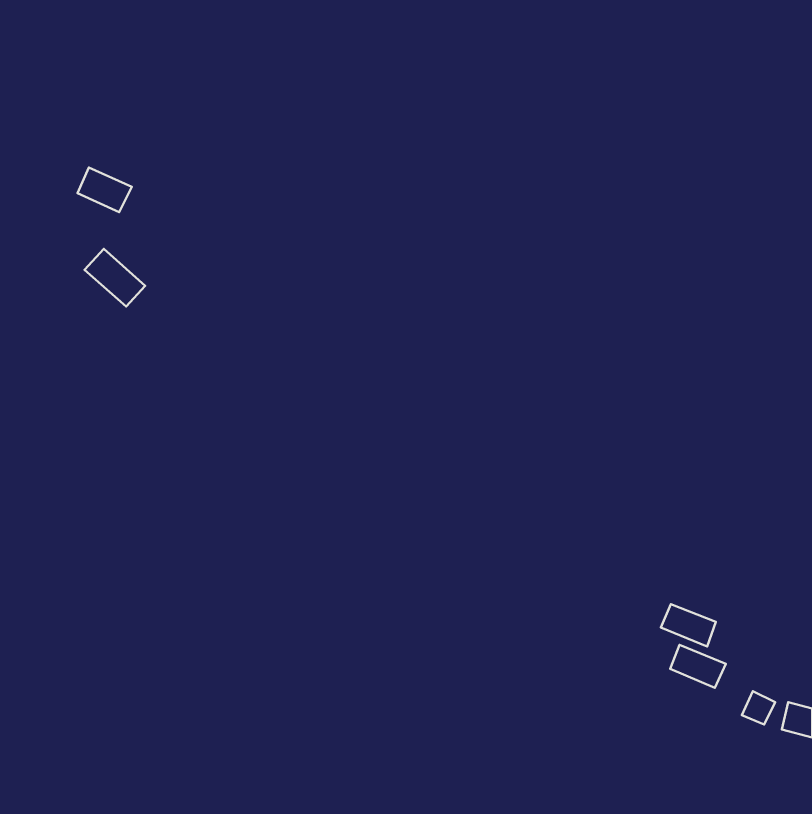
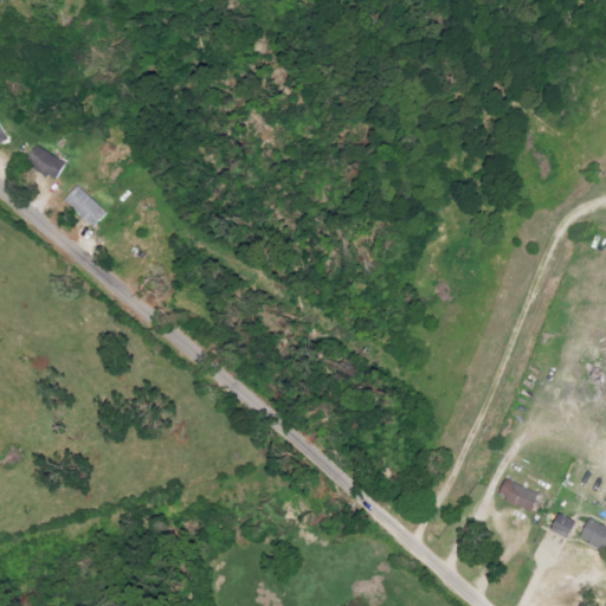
building: [78,168,132,212] -> [25,146,65,179]
building: [661,604,716,647] -> none

